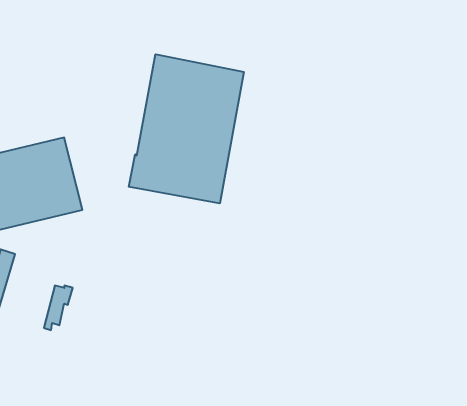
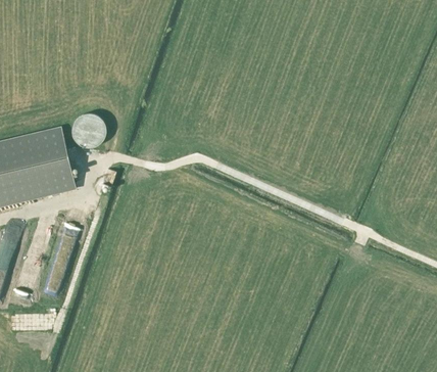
building: [129,54,244,203] -> none
building: none -> [71,112,106,147]

